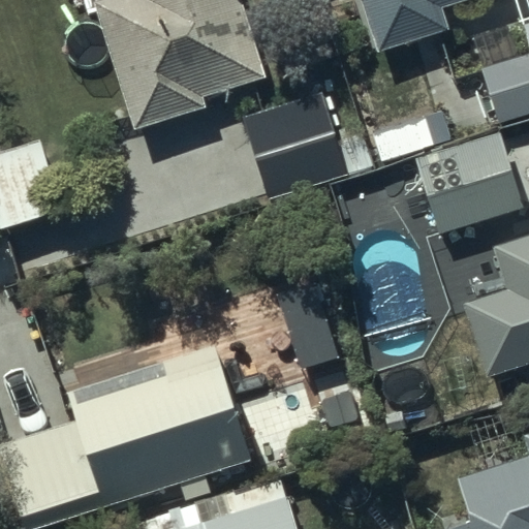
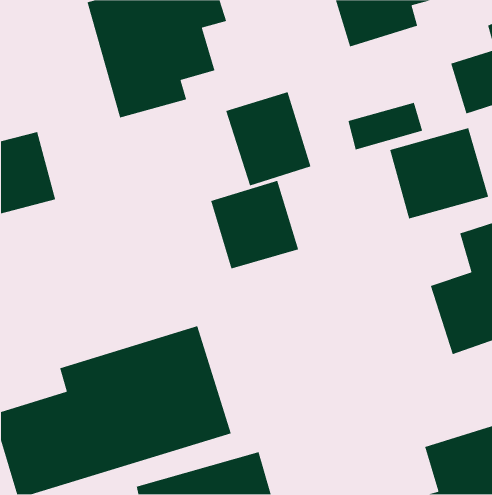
building: none -> [210,180,299,270]

